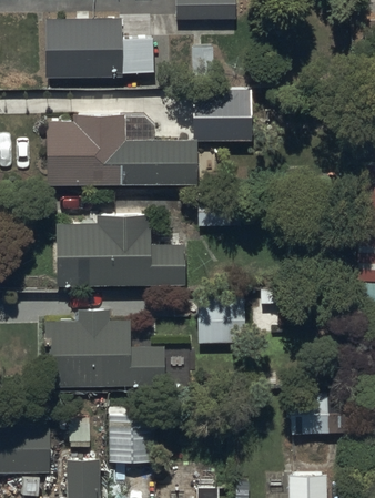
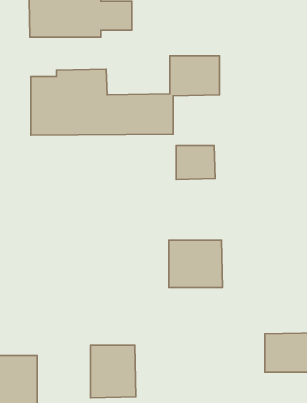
building: [53,214,183,288] -> none
building: [45,309,165,393] -> none

